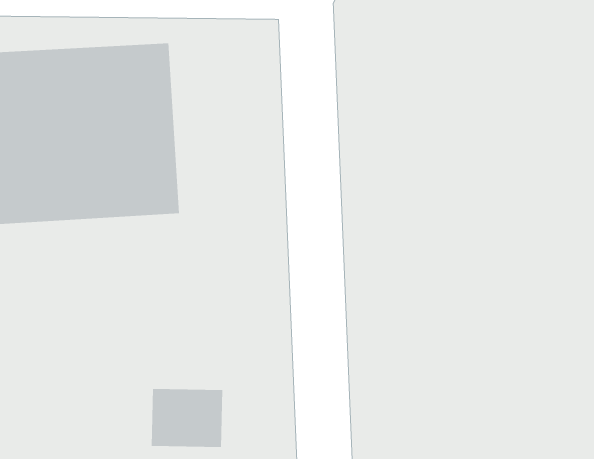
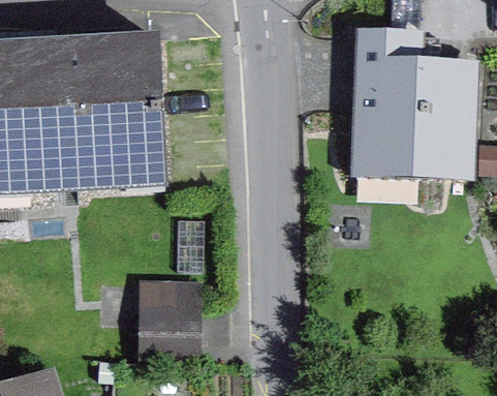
building: none -> [356,37,468,170]

